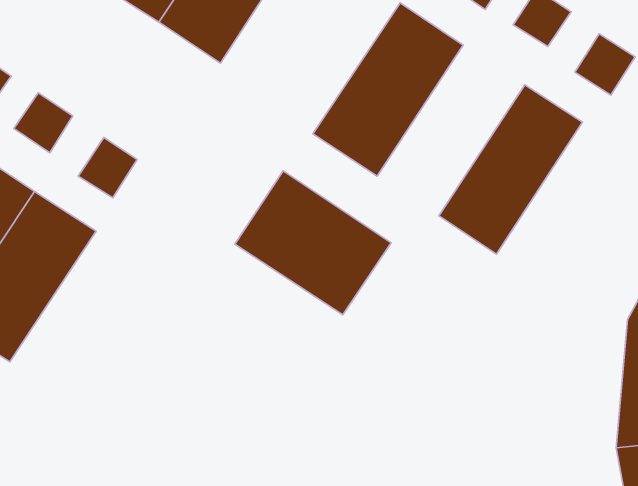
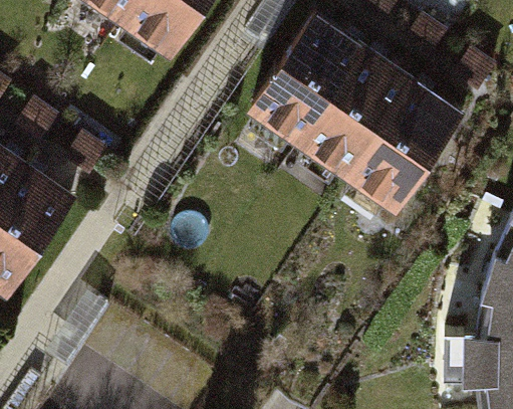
building: none -> [298,47,414,181]
building: [235,171,391,315] -> none

